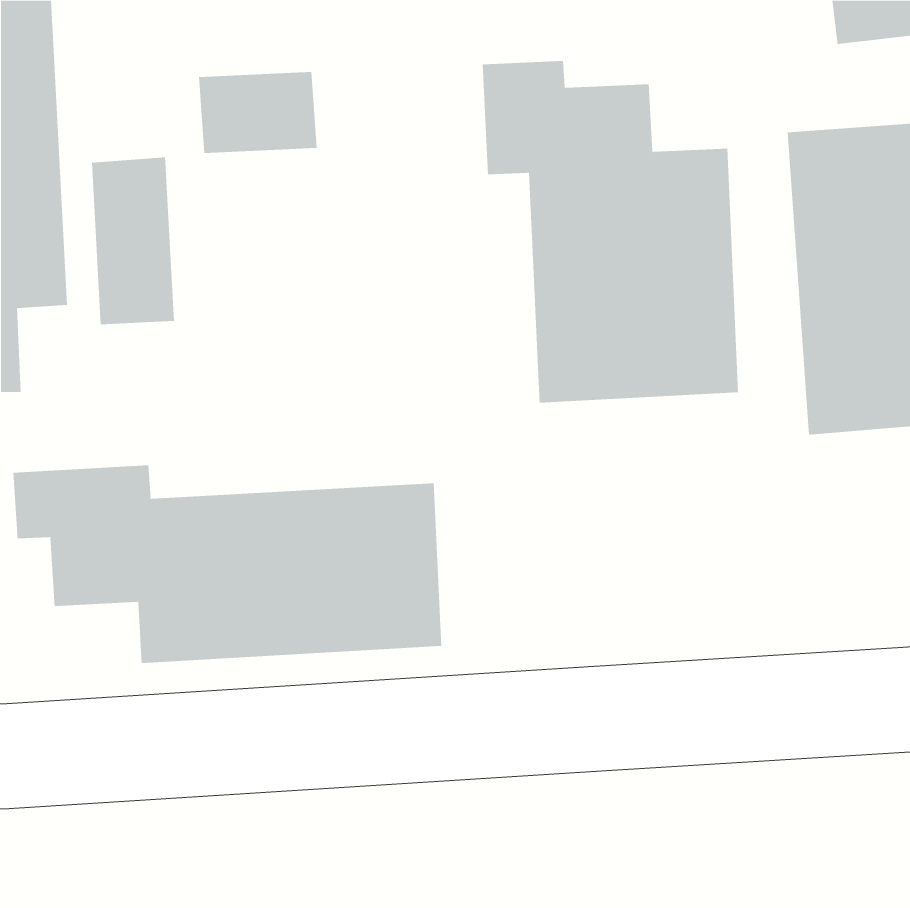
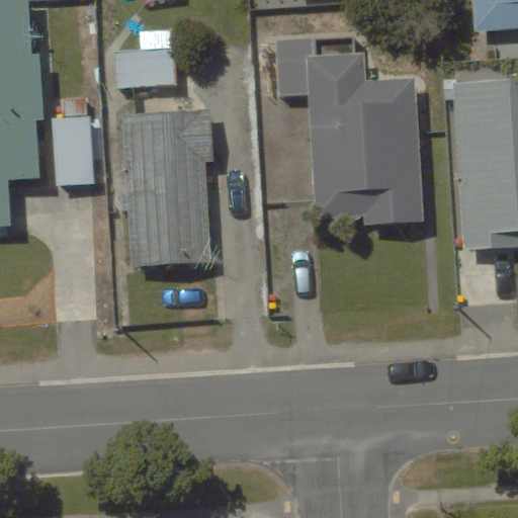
building: none -> [120,108,215,269]
building: [13,465,442,664] -> none

